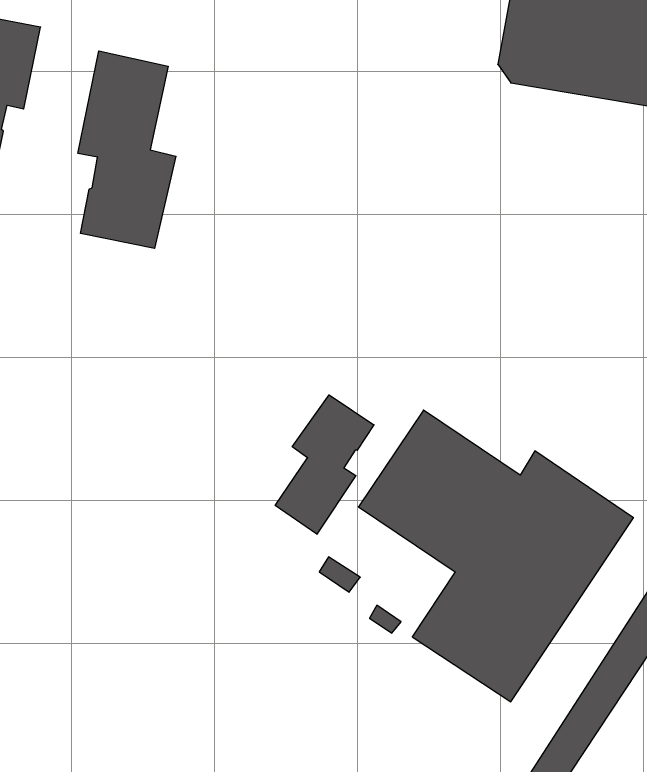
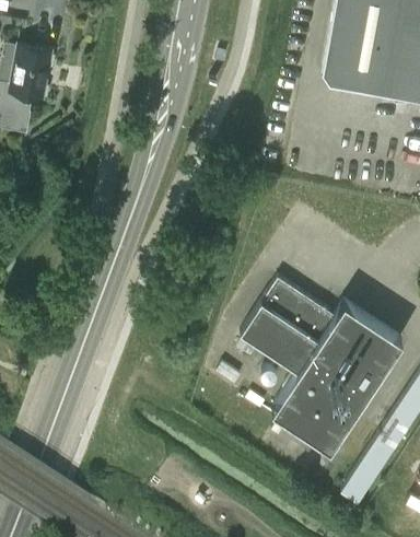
building: [78,51,176,248] -> none
building: [275,395,374,534] -> none

